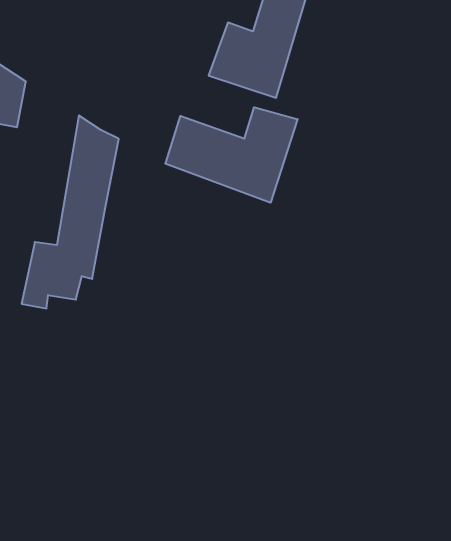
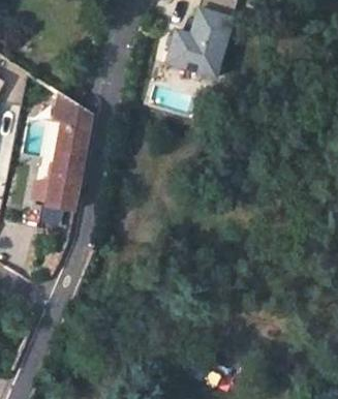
building: [165,107,298,203] -> none

